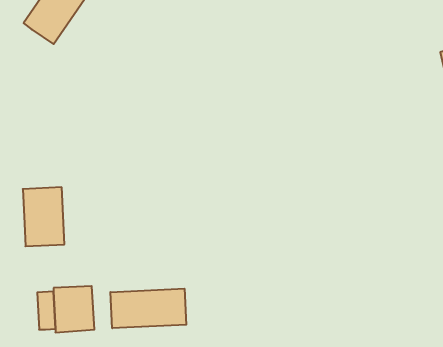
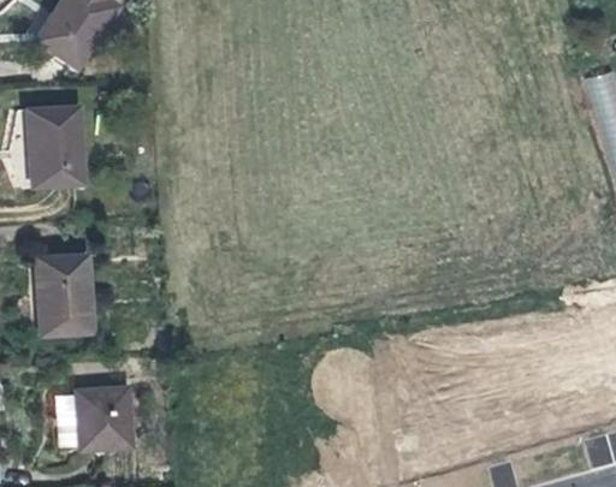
building: none -> [29,106,84,183]
building: [110,289,186,328] -> none

